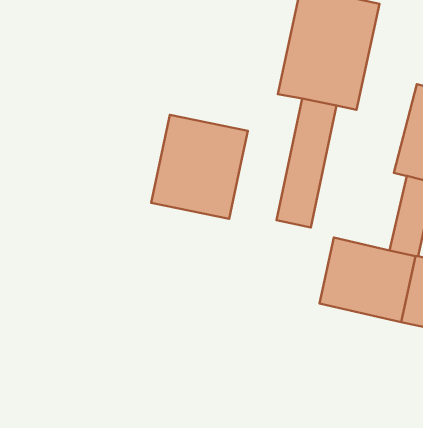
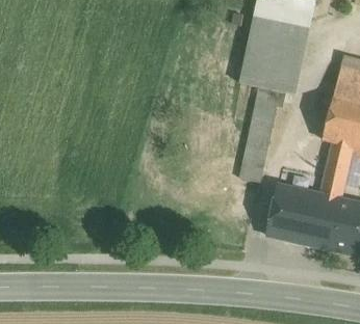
building: [151,115,248,219] -> none

